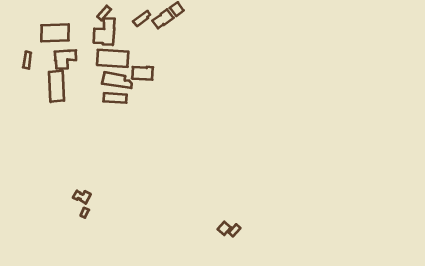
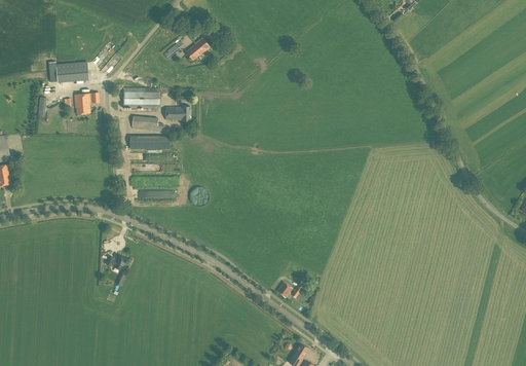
building: [94,18,115,45] -> none
building: [49,71,64,102] -> none

